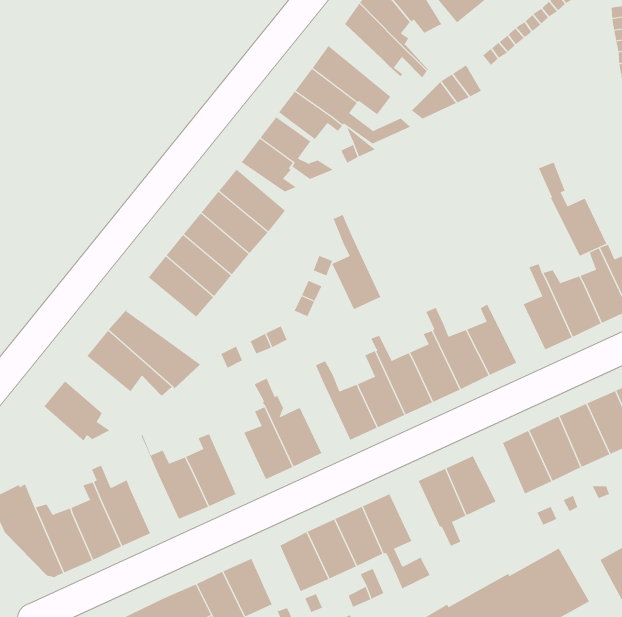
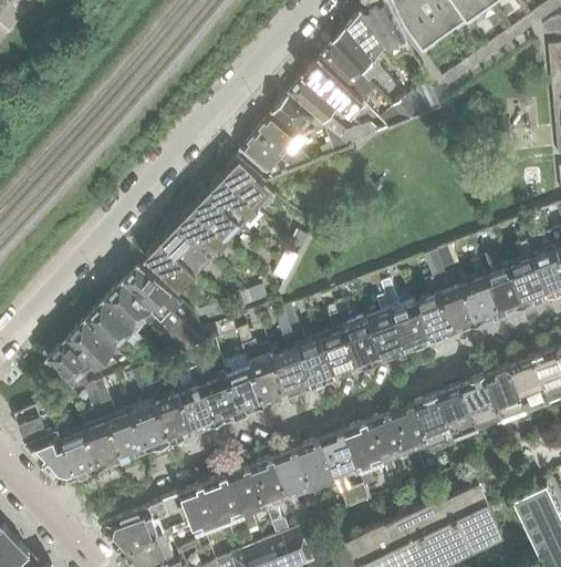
building: none -> [316,47,374,109]
building: [538,162,607,257] -> [425,254,477,332]
building: [332,214,381,310] -> [274,317,313,395]
building: none -> [143,243,195,296]
building: none -> [84,303,156,359]
building: none -> [45,342,96,388]
building: none -> [199,370,242,424]
building: none -> [129,371,169,452]
building: none -> [413,396,453,449]
building: none -> [343,423,382,488]
building: none -> [227,468,264,516]

